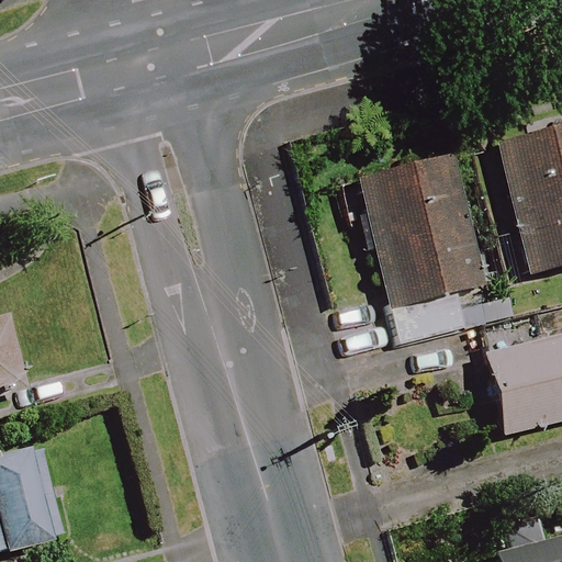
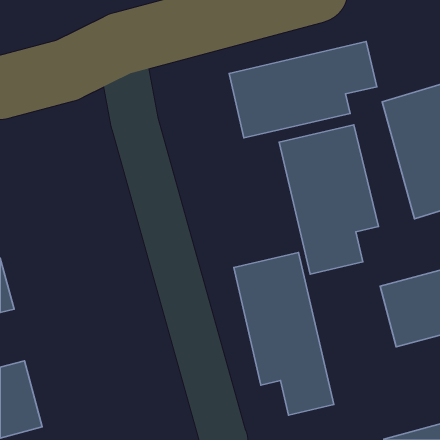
building: none -> [229,41,377,138]
building: none -> [234,252,334,415]

